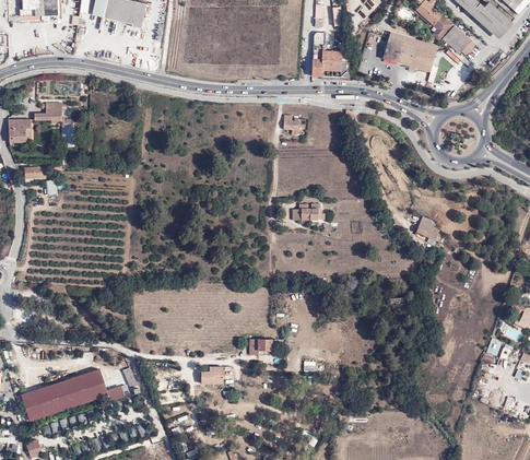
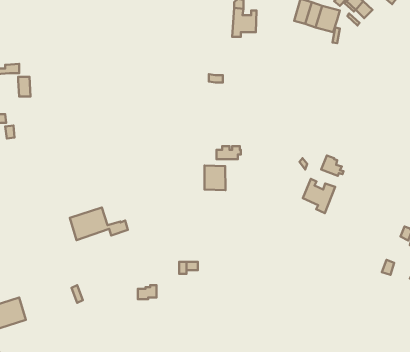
building: none -> [204,166,225,190]
building: none -> [303,179,335,213]
building: [62,369,130,408] -> [70,208,128,240]

